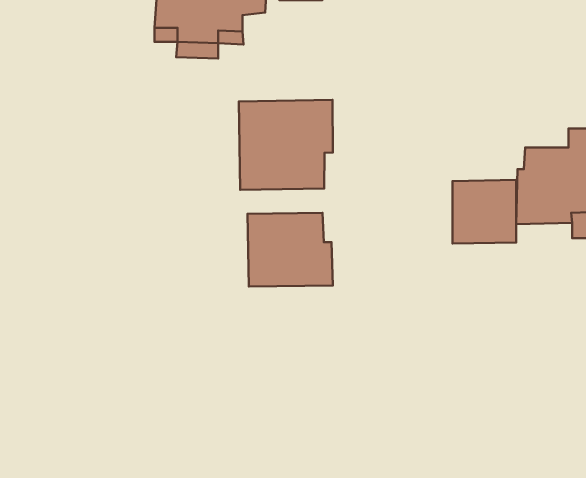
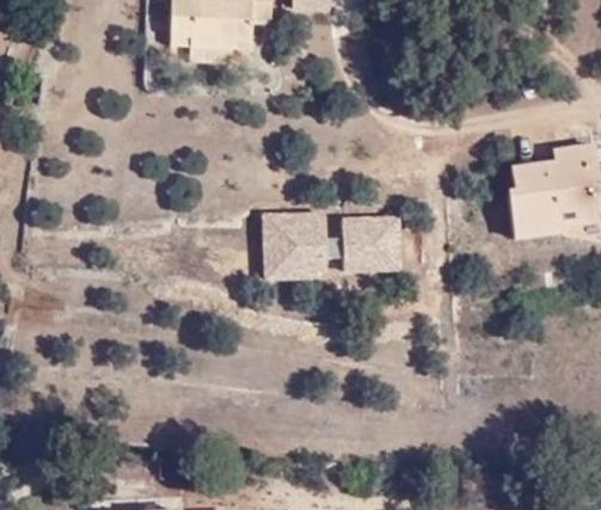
building: [239,100,333,190] -> none
building: [453,180,516,244] -> [339,215,399,275]

